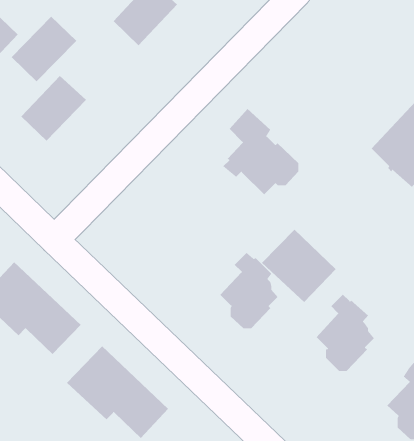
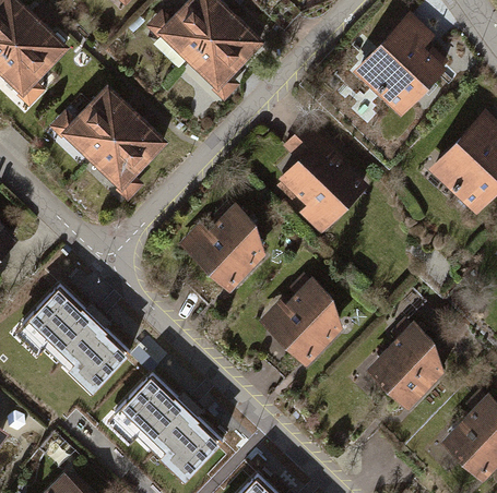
building: none -> [190,16,259,86]
building: none -> [359,20,445,111]
building: [11,16,77,82] -> [93,117,163,187]
building: none -> [198,204,261,285]
building: [261,229,336,303] -> none

